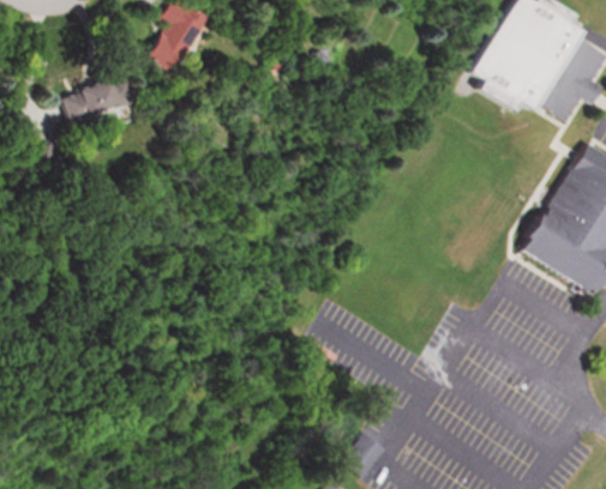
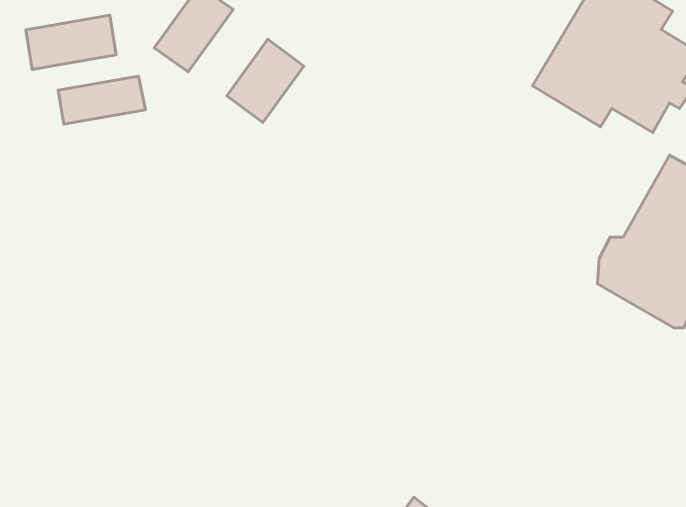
building: none -> [26,15,116,69]
building: none -> [227,39,304,123]

